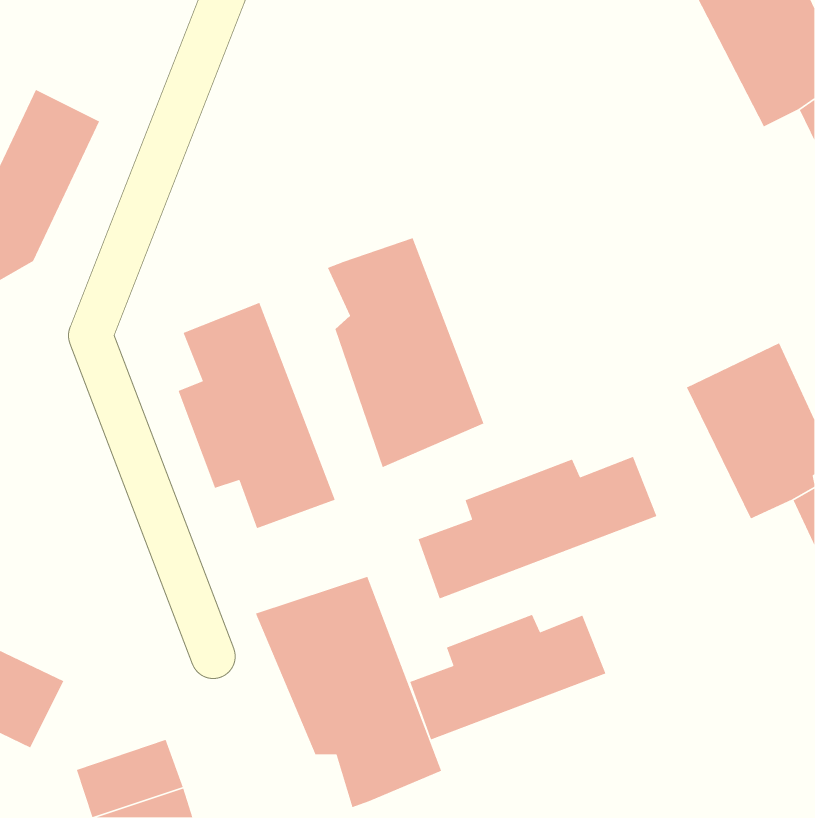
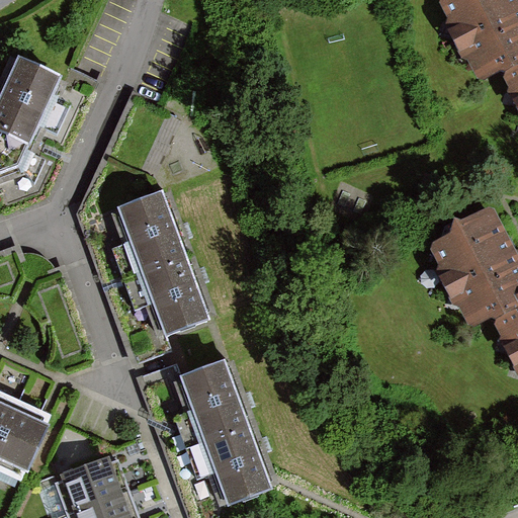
building: [327,237,484,468] -> none
building: [417,456,658,599] -> none
building: [409,614,606,741] -> none

